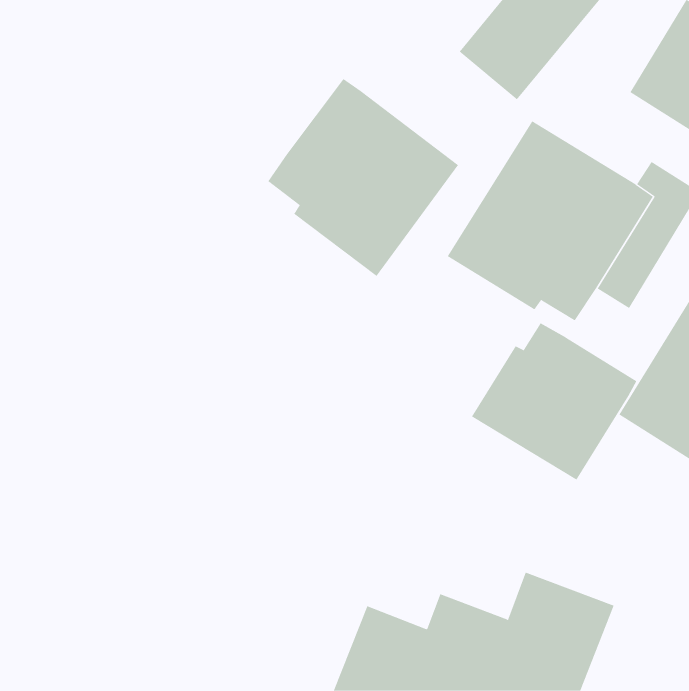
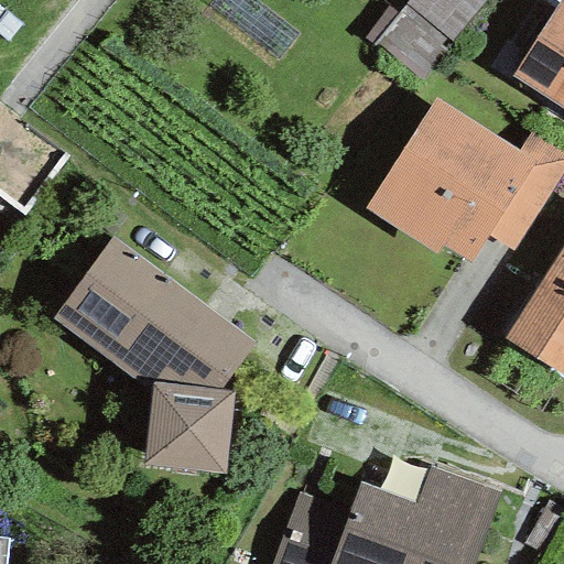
building: [267,78,459,277] -> none
building: none -> [53,235,257,473]
building: [471,323,637,480] -> none

